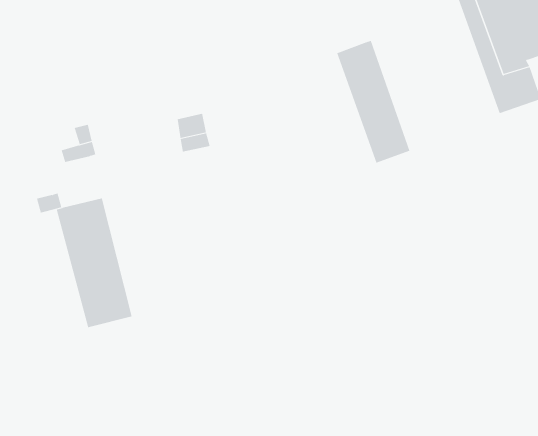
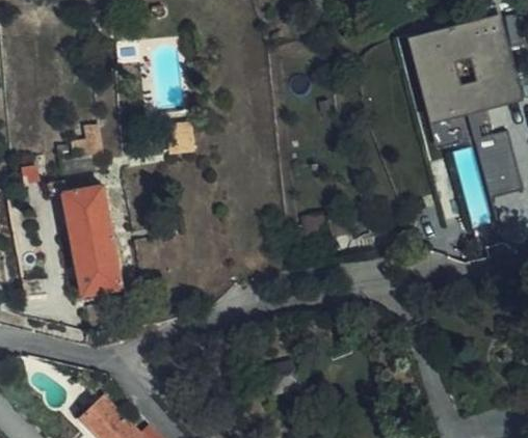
building: [336,40,410,164] -> none

